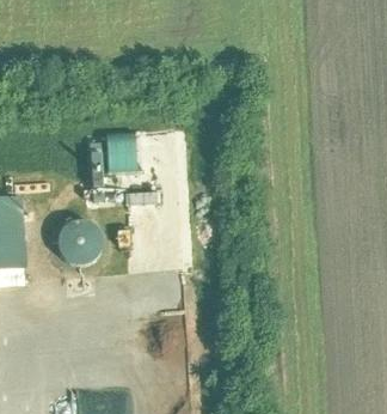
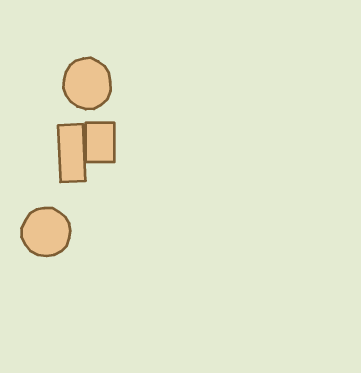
building: none -> [64,58,110,109]

